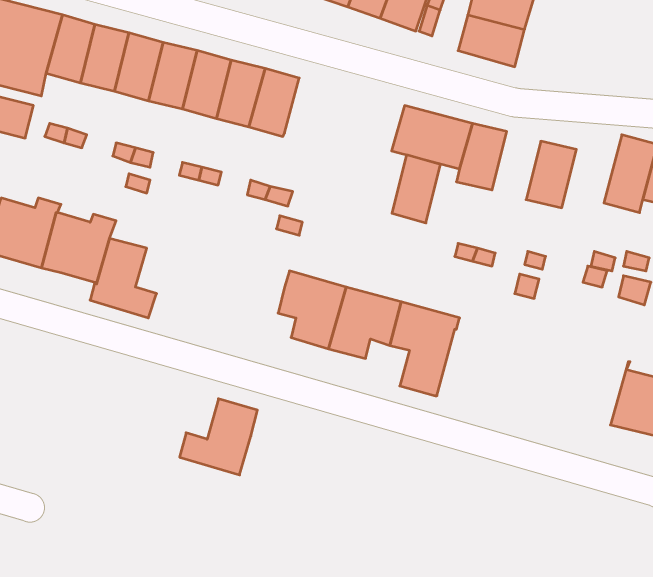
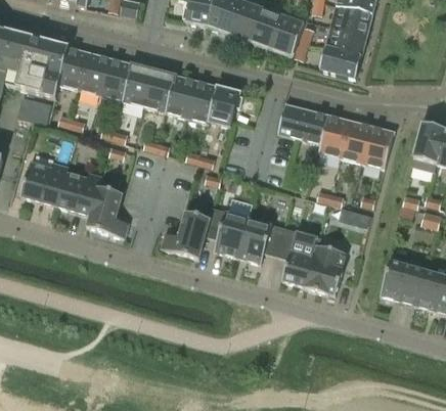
building: none -> [209,86,241,126]
building: [392,155,441,223] -> [340,120,370,163]
building: none -> [303,244,345,294]
building: none -> [378,255,426,305]
building: [180,399,257,475] -> [160,211,209,259]

